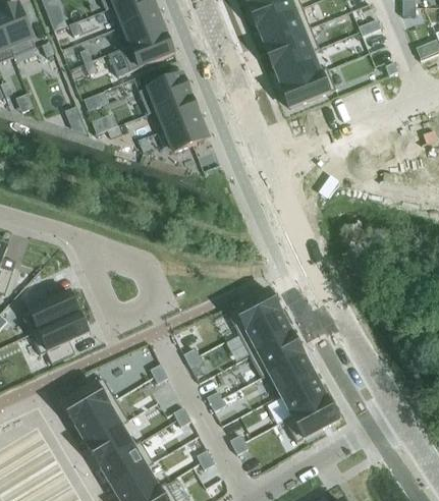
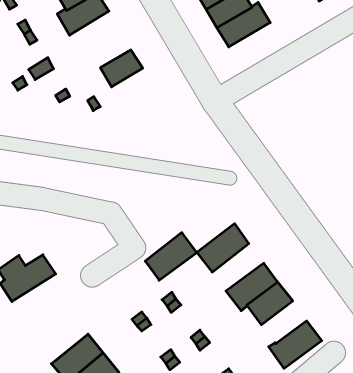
building: [139,73,190,114] -> none
building: [165,116,208,152] -> none
building: [238,311,292,355] -> [145,233,197,280]
building: [31,312,89,364] -> none
building: [280,376,327,416] -> none

